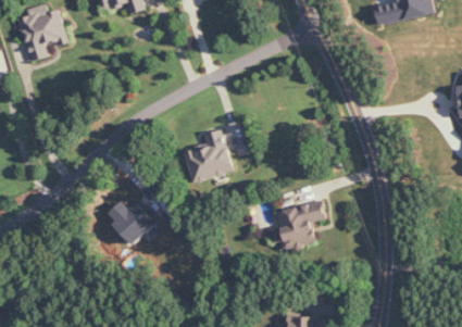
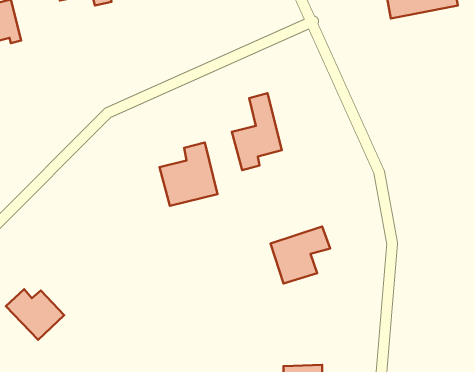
building: none -> [232,93,282,170]
building: [105,200,154,242] -> [6,289,64,340]

